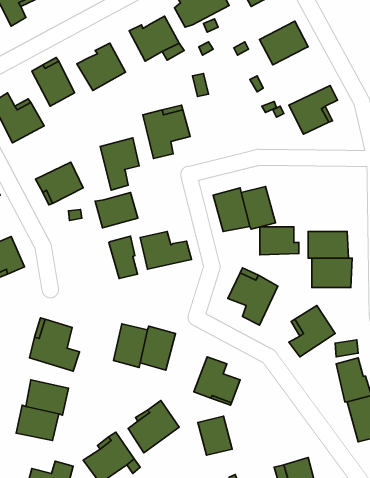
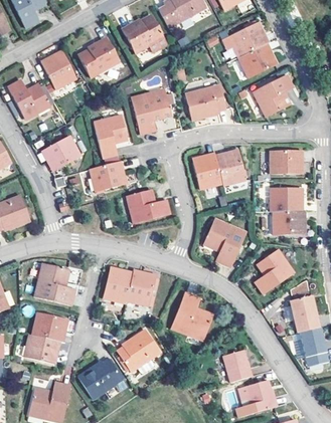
building: none -> [236,40,275,72]
building: none -> [186,84,223,119]
building: [260,227,299,255] -> [269,152,301,175]
building: [109,236,138,279] -> none
building: [198,416,232,455] -> [223,349,252,381]

